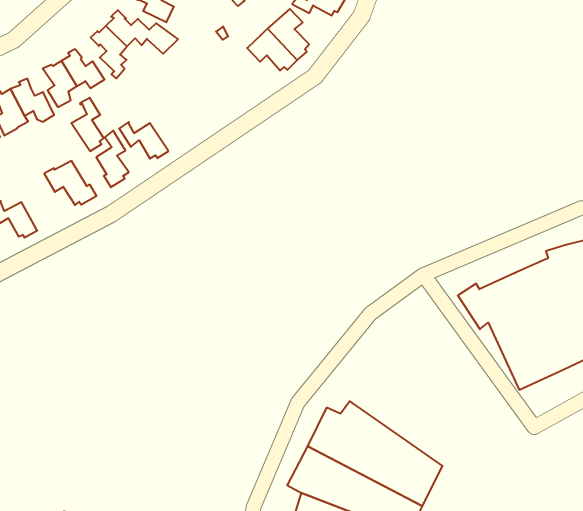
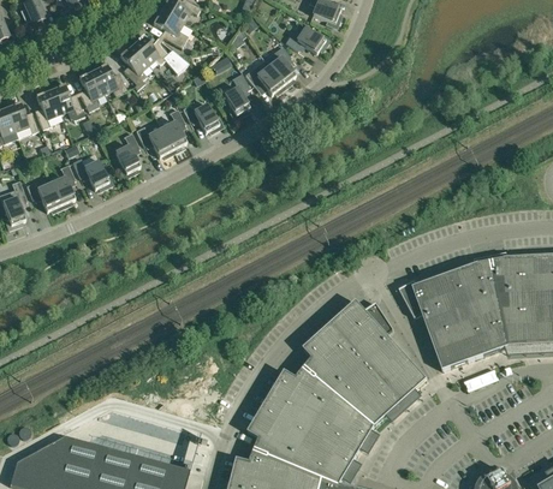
building: none -> [224,71,250,118]
building: none -> [183,102,222,131]
building: [71,98,104,151] -> [161,107,186,150]
building: none -> [52,162,76,205]
building: none -> [303,299,427,424]

